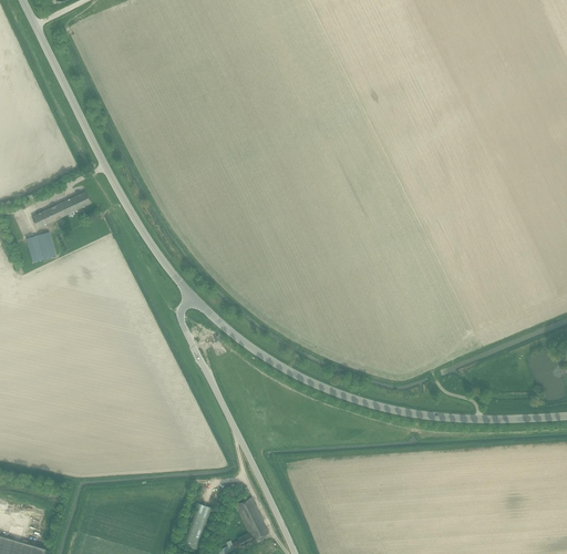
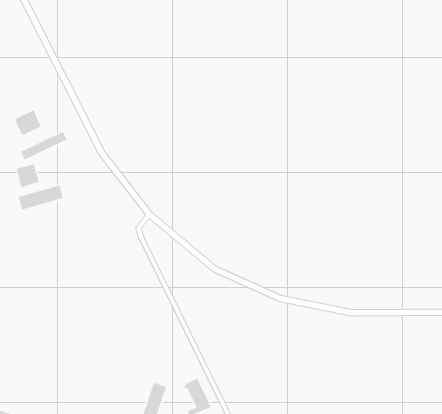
building: none -> [14,109,42,136]
building: none -> [18,184,64,211]

